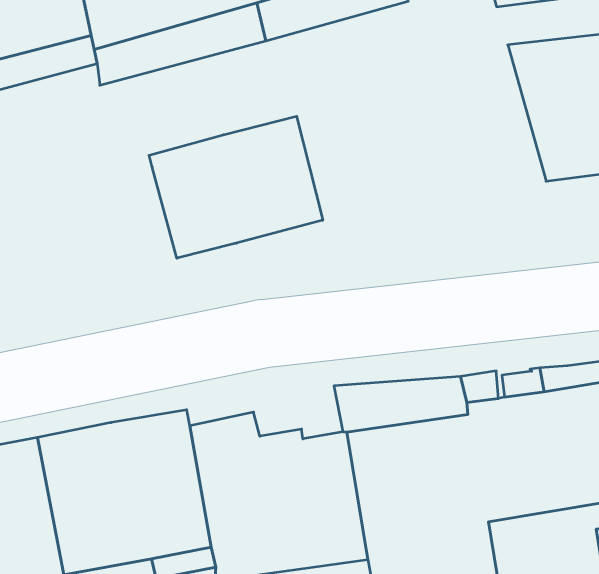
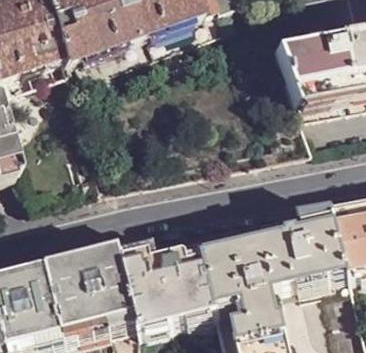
building: [149,116,323,258] -> none

